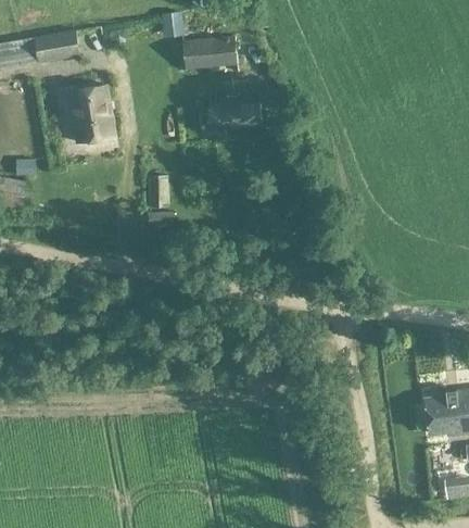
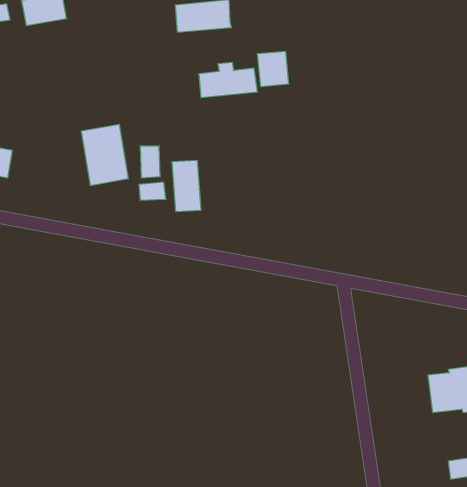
building: [68,85,114,143] -> [81,124,128,185]
building: none -> [258,51,289,87]
building: none -> [172,160,201,212]

